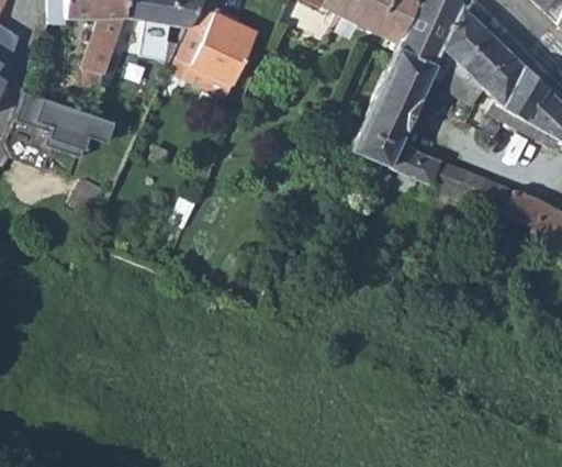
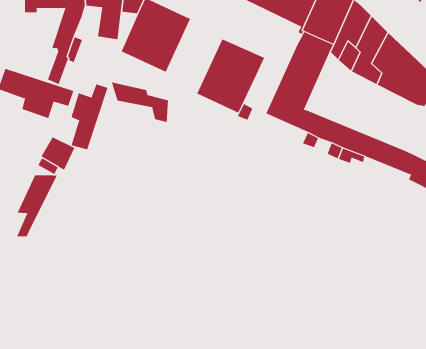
building: none -> [197,39,265,113]
building: none -> [111,82,169,123]
building: none -> [71,84,108,150]
building: none -> [16,174,58,237]

